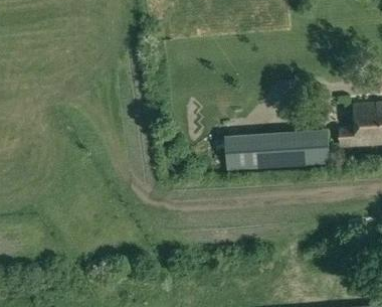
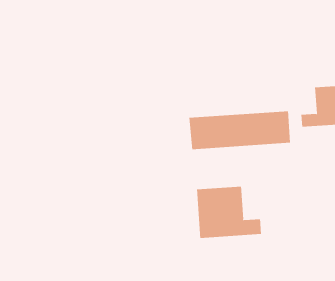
building: none -> [197,186,261,239]

